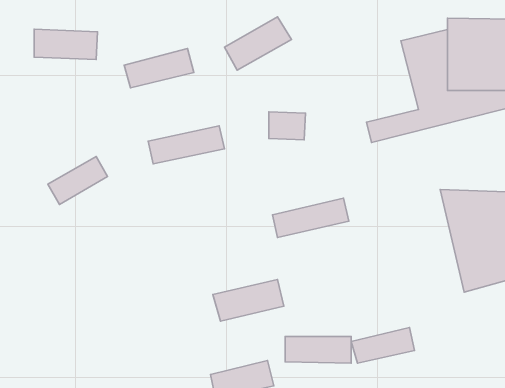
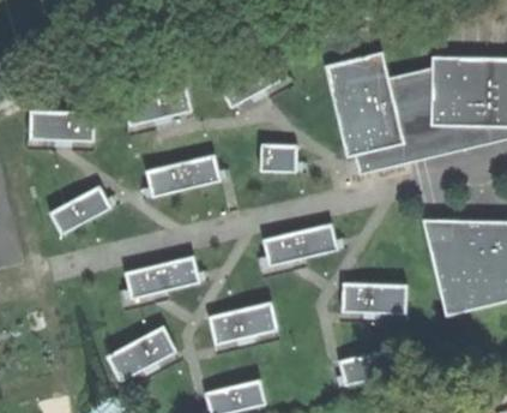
building: none -> [324,53,403,157]
building: [34,29,97,60] -> [34,110,93,139]
building: none -> [126,258,198,297]
building: none -> [110,329,175,382]
building: [285,336,351,363] -> [343,286,405,311]

